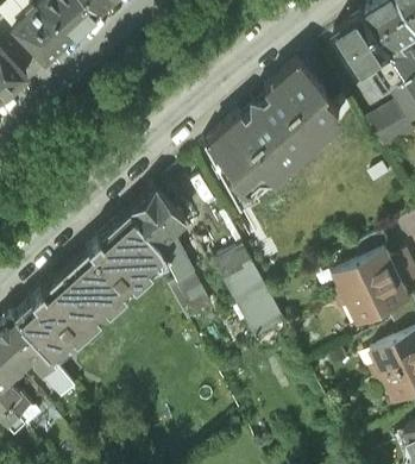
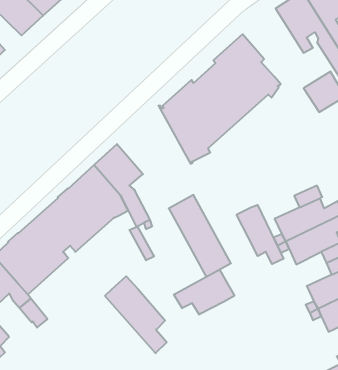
building: none -> [237,205,284,264]
building: none -> [174,269,234,315]
building: none -> [105,276,167,353]

